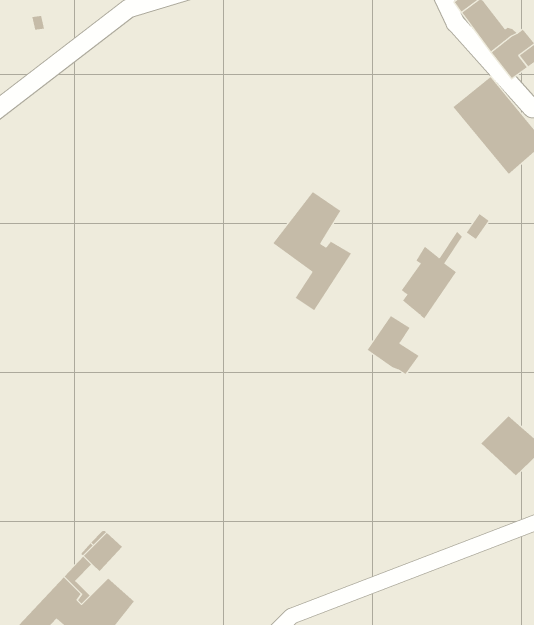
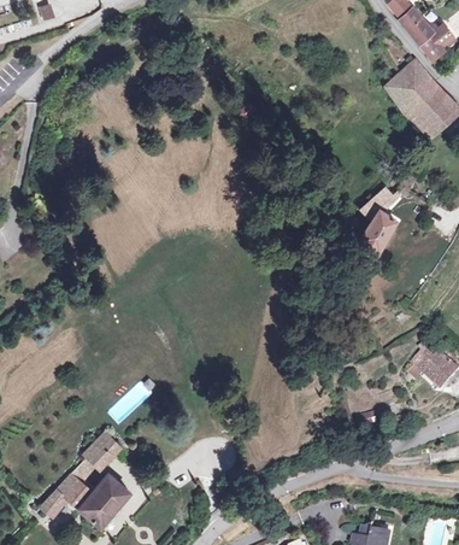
building: [272,191,352,311] -> none
building: [367,315,419,375] -> none

